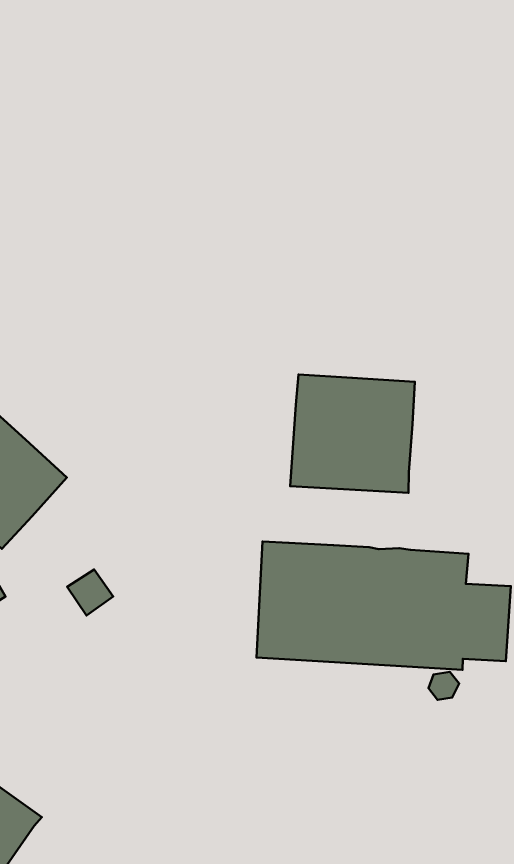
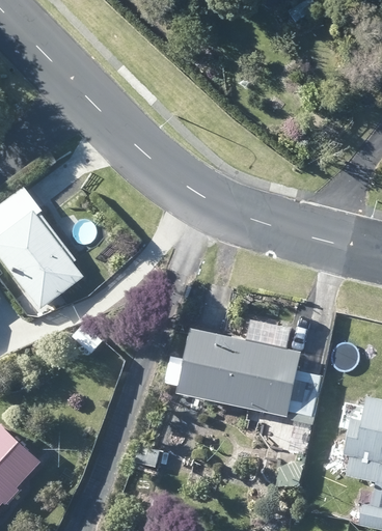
building: [290,375,415,493] -> none

